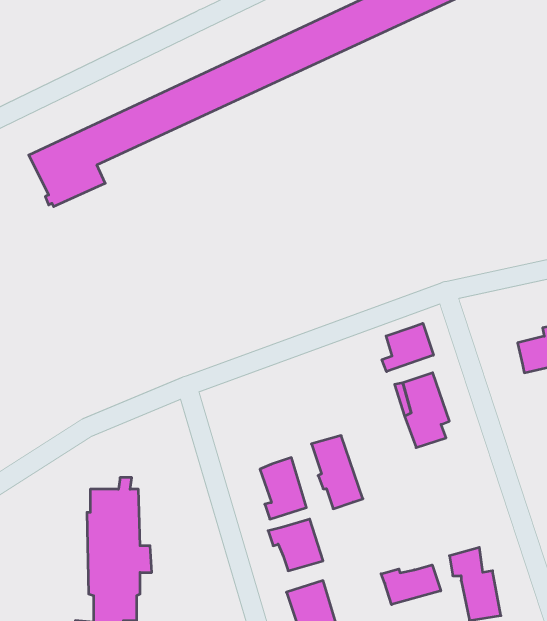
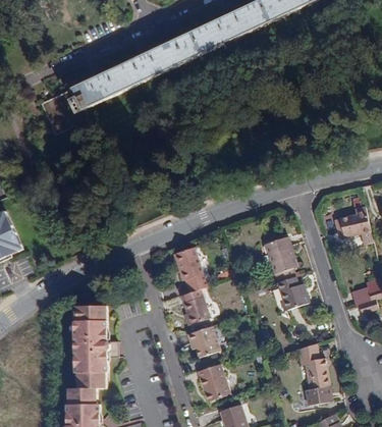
building: [382,323,433,372] -> none
building: [311,436,363,509] -> [174,248,206,292]
building: none -> [276,276,308,310]
building: [381,565,441,605] -> none

